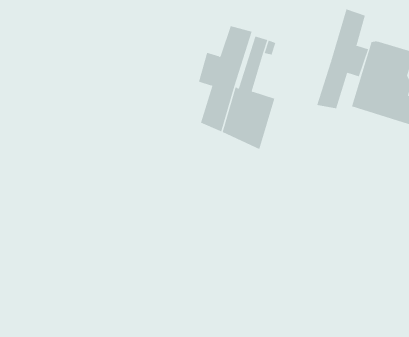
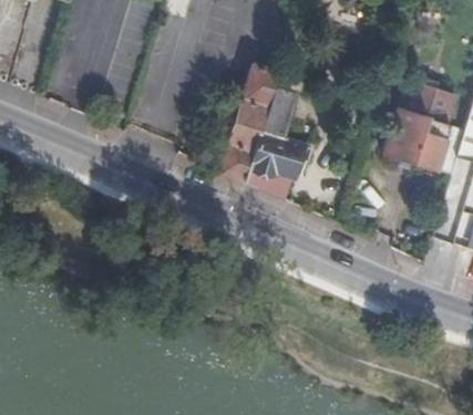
building: [316,8,369,109] -> none

